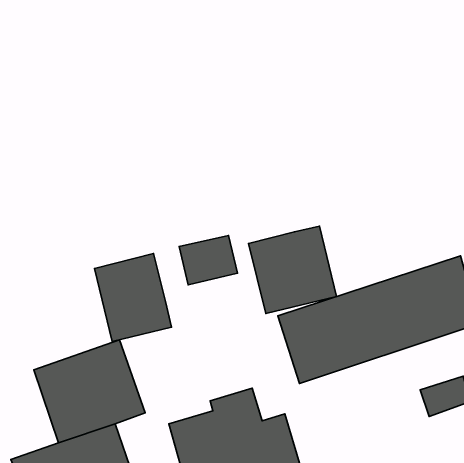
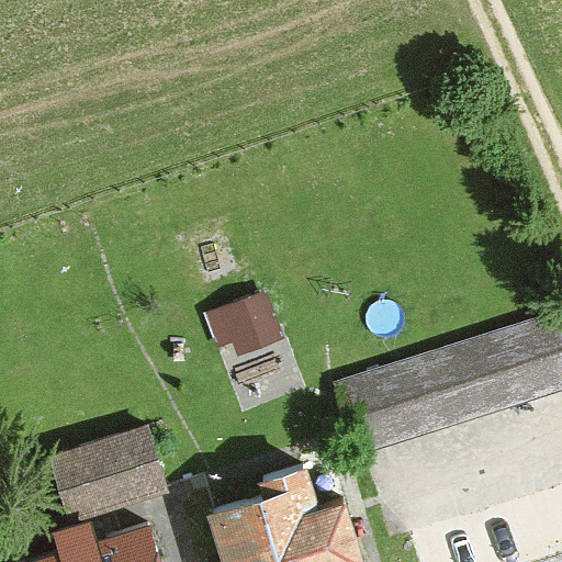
building: [248,226,336,313] -> none
building: [95,254,171,342] -> none

